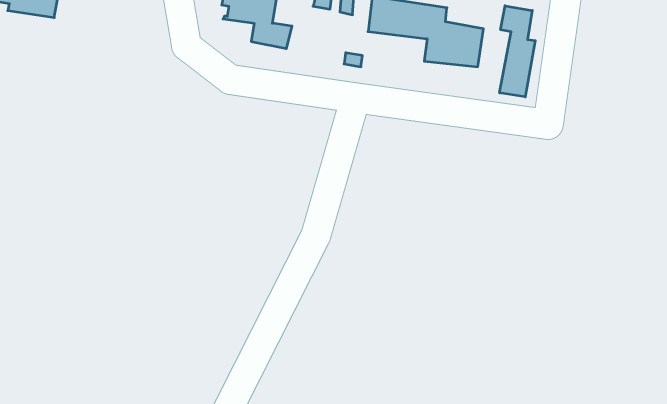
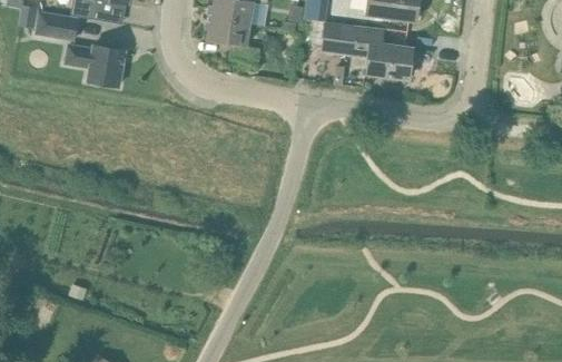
building: [500,6,535,97] -> none
building: none -> [66,46,125,86]

